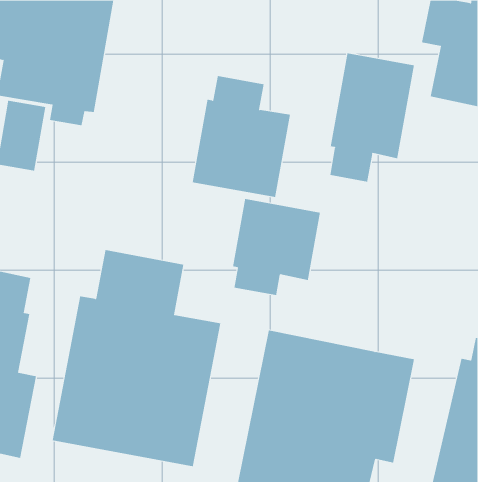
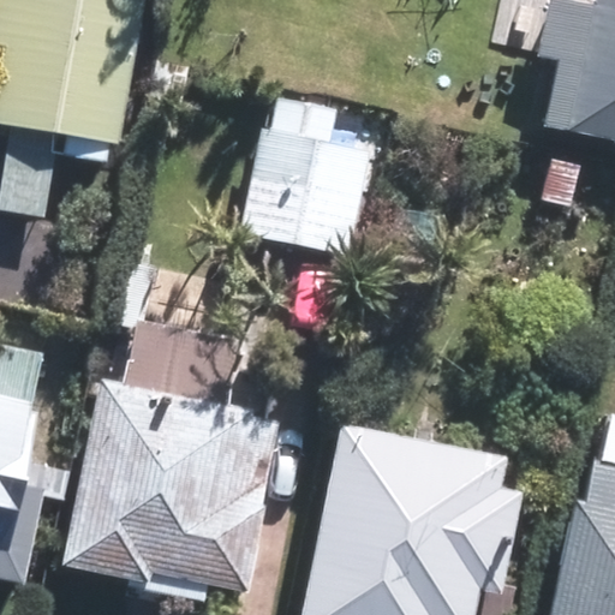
building: [330,52,415,183] -> none
building: [232,198,321,296] -> none

